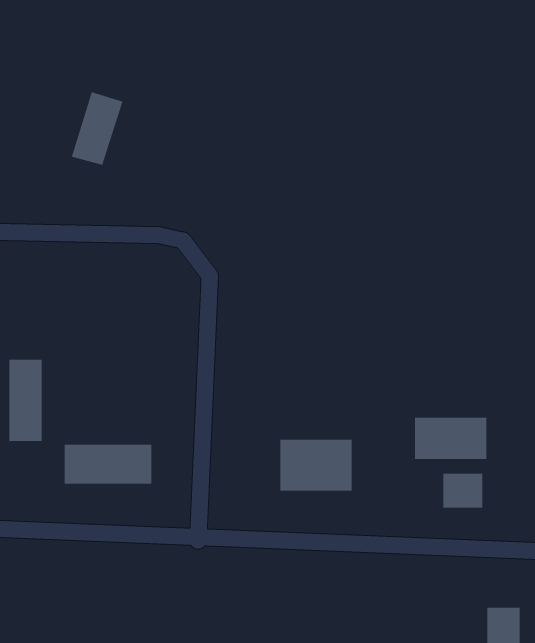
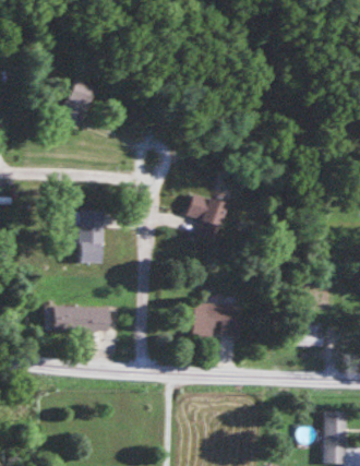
building: none -> [185,193,227,243]
building: [9,359,43,442] -> [81,208,103,262]
building: [414,417,487,460] -> none

